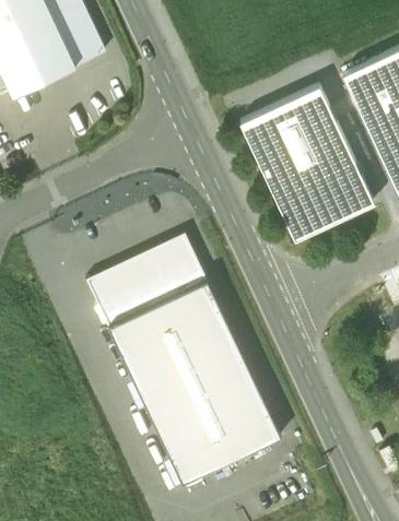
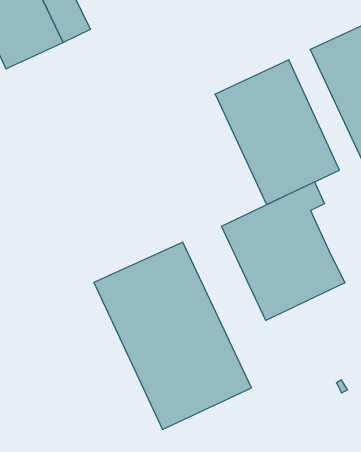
building: none -> [222,182,345,321]
building: [87,236,204,325] -> none

